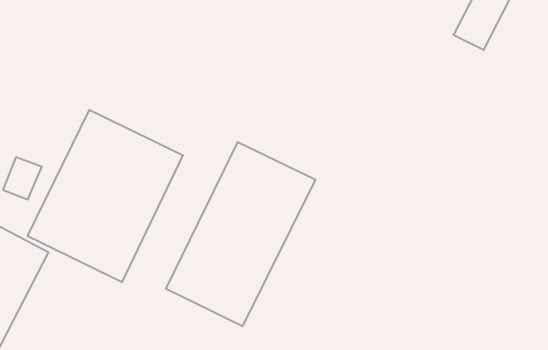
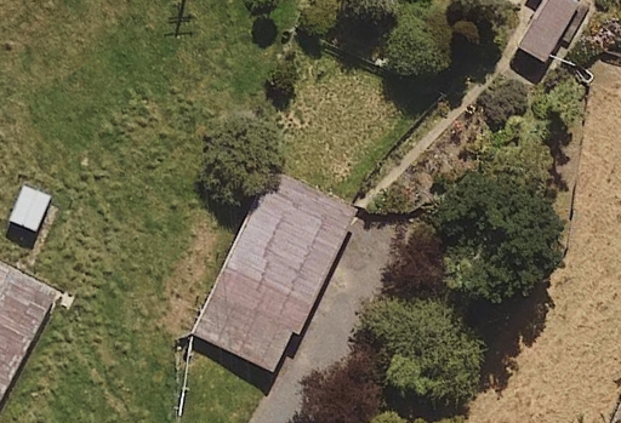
building: [28,110,183,282] -> none

